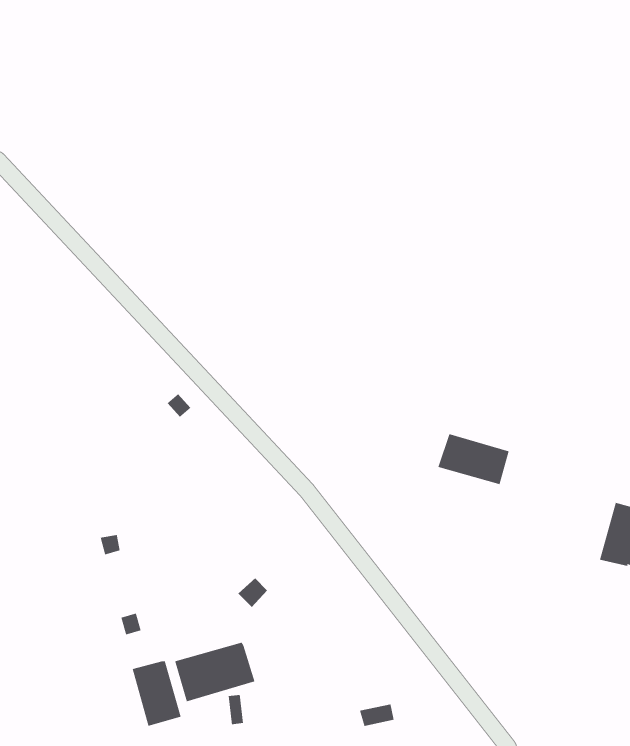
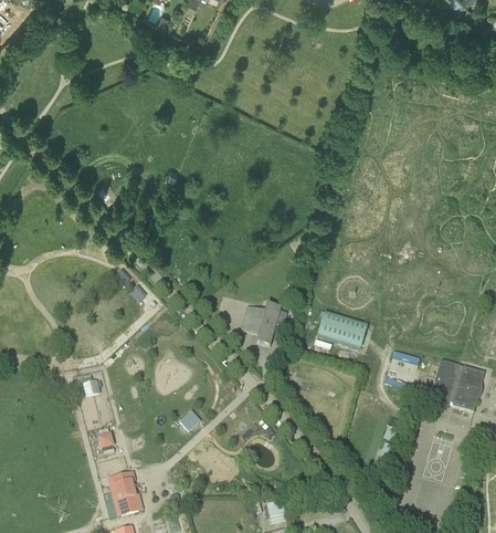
building: none -> [240,305,279,347]
building: [175,642,255,702] -> none

